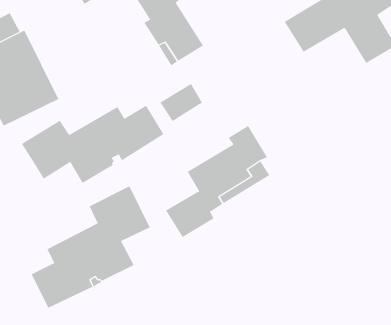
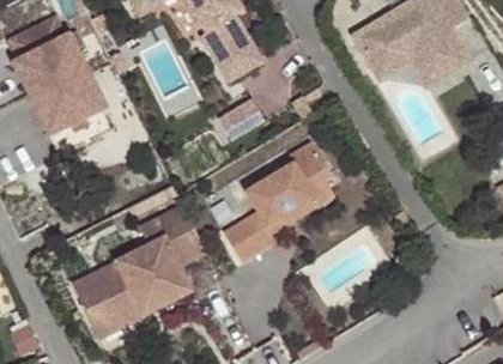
building: none -> [366,42,432,87]
building: [21,105,164,184] -> none

